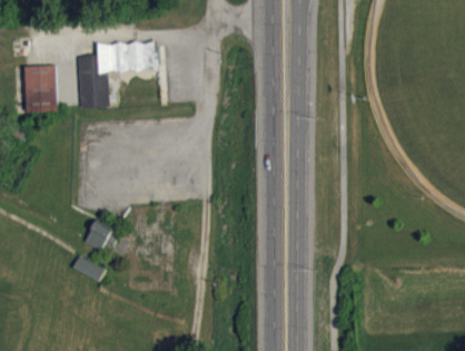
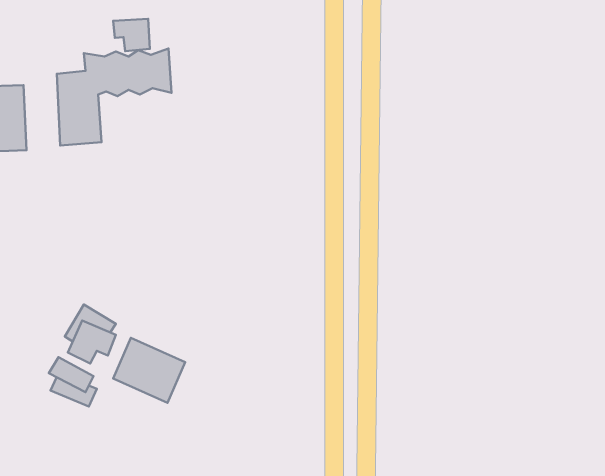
building: none -> [113,19,150,51]
building: none -> [113,338,185,403]

